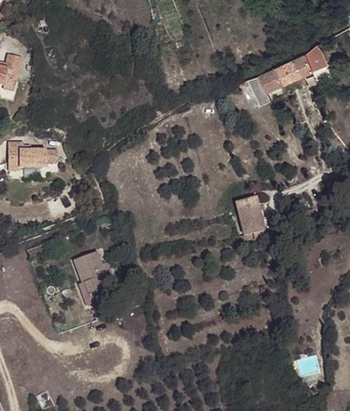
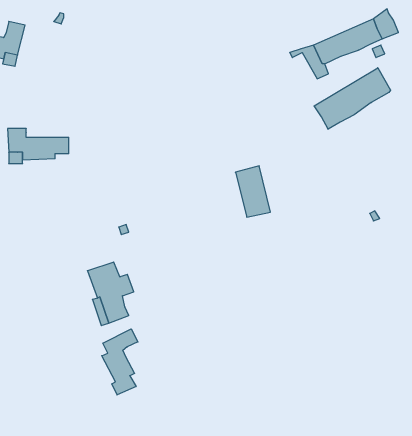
building: none -> [314,68,391,129]
building: [237,198,266,240] -> [235,166,270,217]
building: none -> [102,329,138,395]

